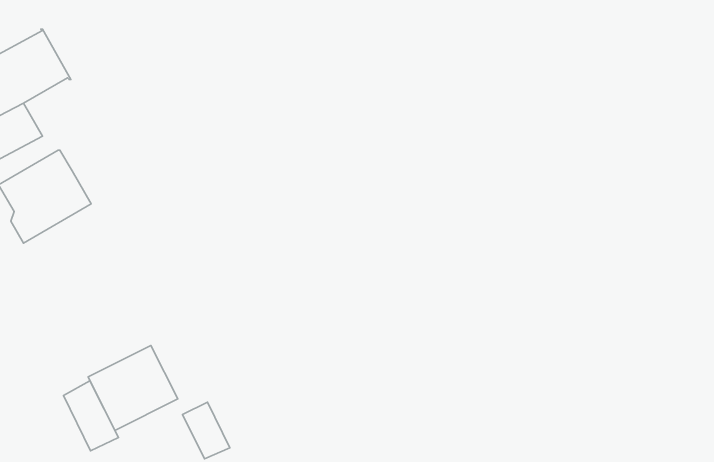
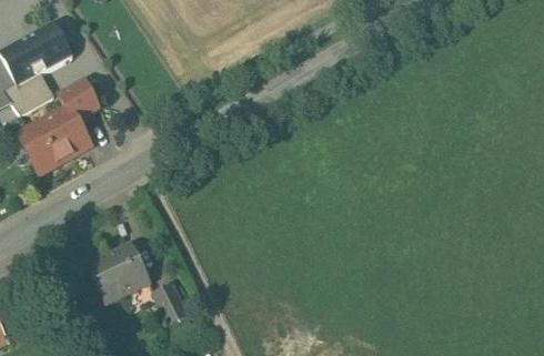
building: none -> [57,79,99,121]
building: [64,381,118,451] -> none

